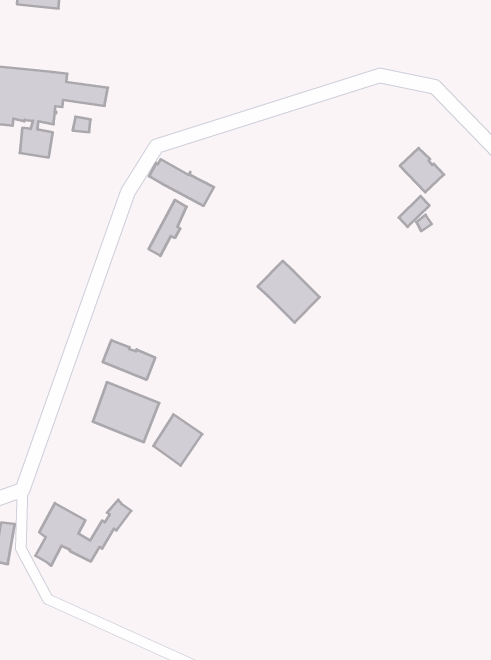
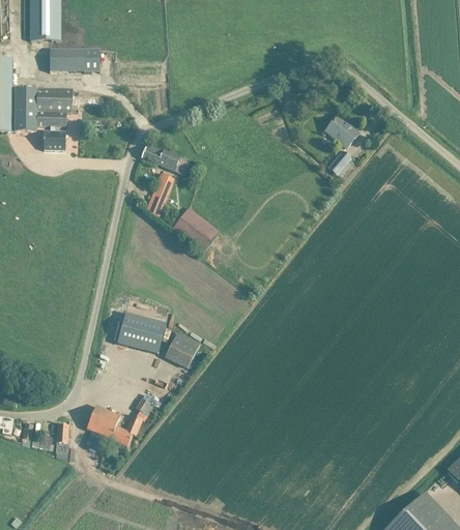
building: none -> [50,49,99,71]
building: [258,261,320,323] -> [172,207,219,252]
building: [103,340,155,380] -> none

